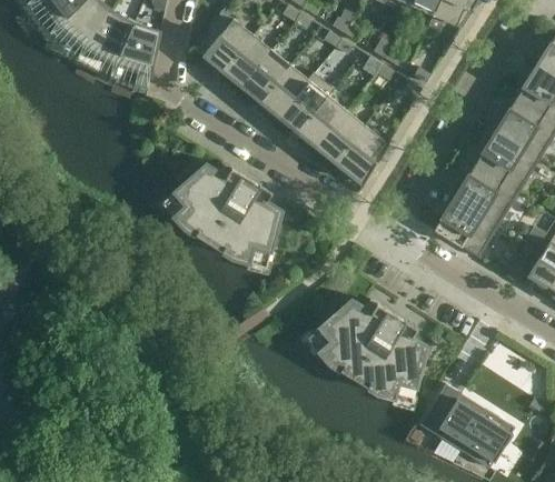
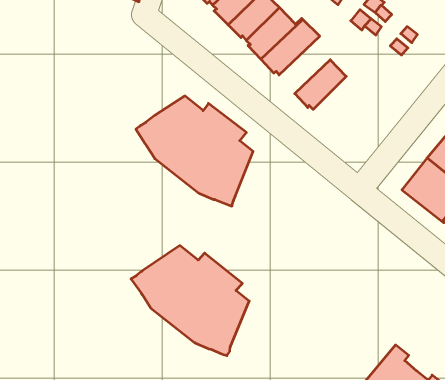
building: [297,87,346,147] -> none
building: [335,123,386,183] -> none
building: [306,298,426,401] -> [131,246,249,356]

